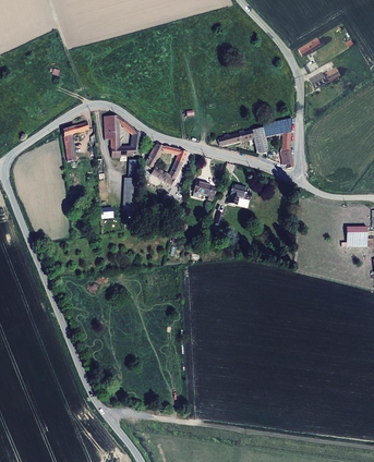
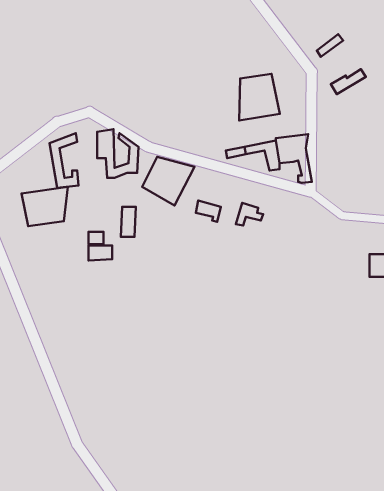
building: none -> [239,74,280,120]
building: none -> [22,187,68,226]

